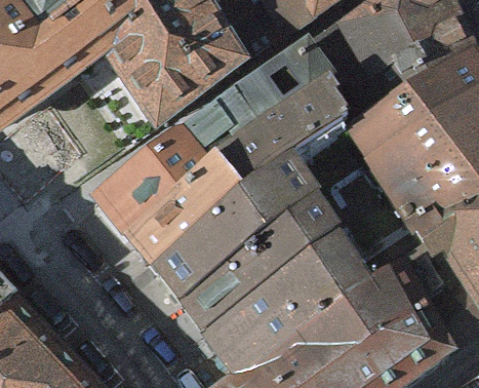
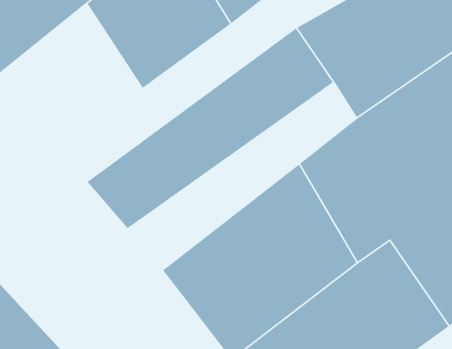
building: [143,116,360,295] -> none

